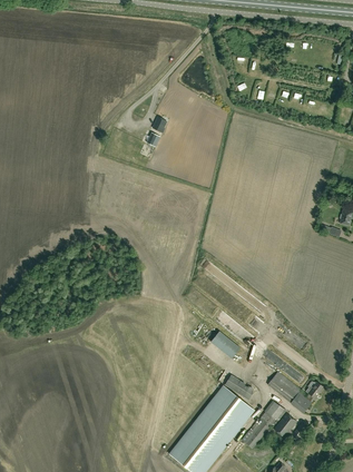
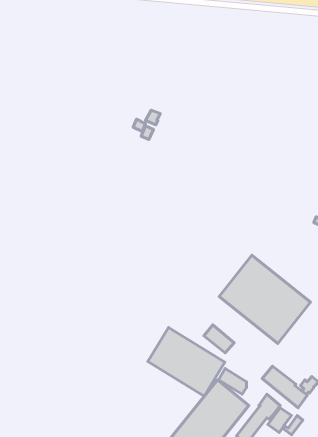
building: none -> [219,255,310,344]
building: none -> [148,327,225,396]

